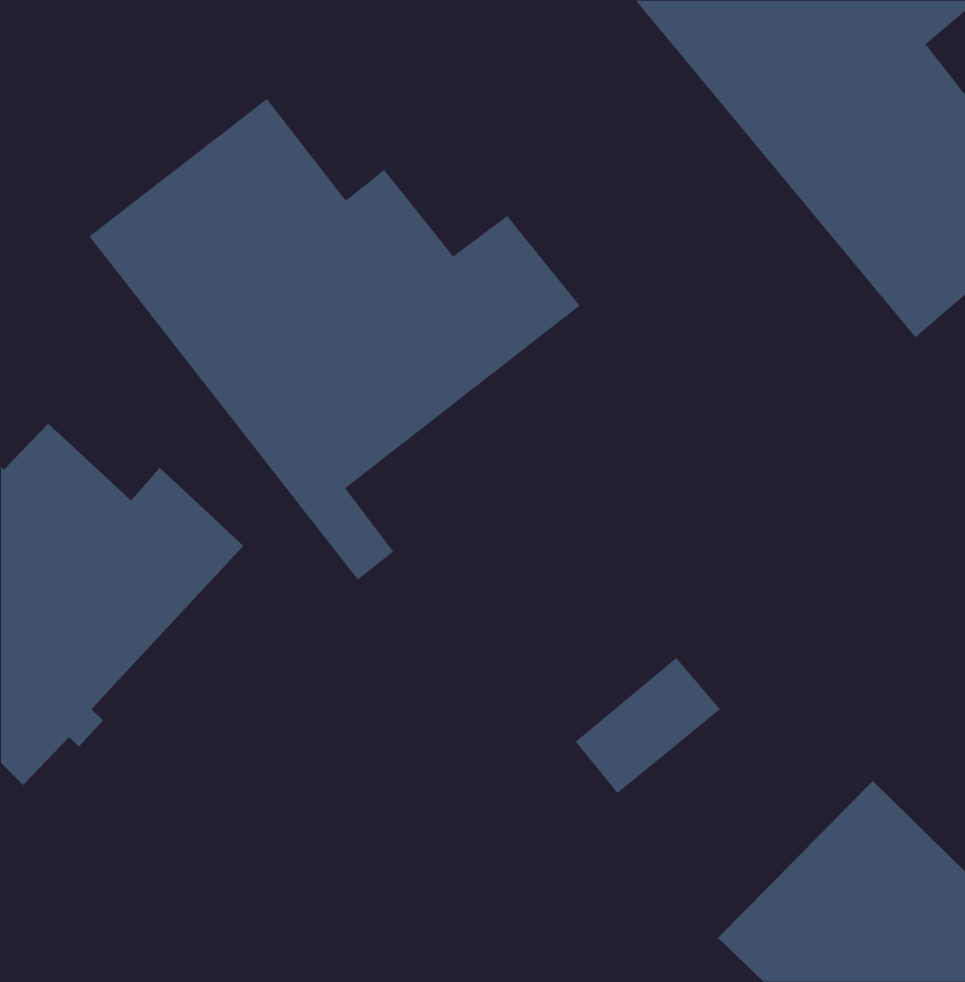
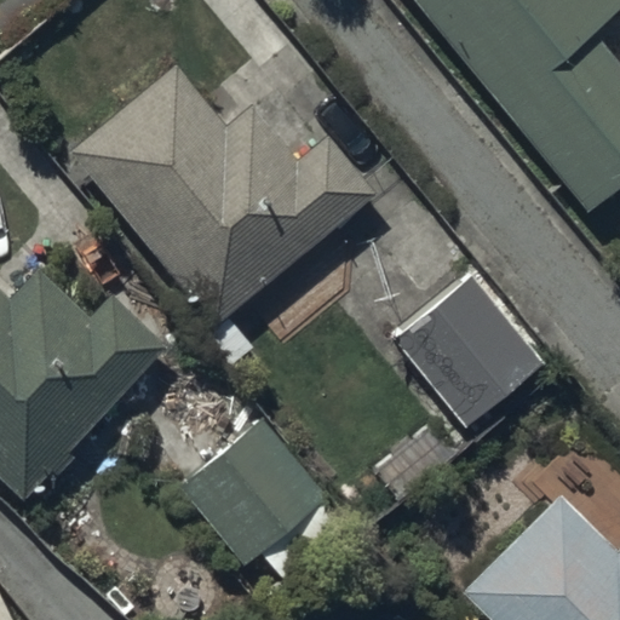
building: none -> [395,270,549,426]
building: none -> [179,414,360,590]

